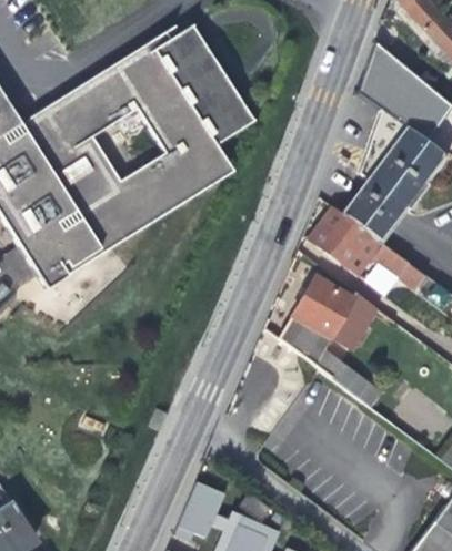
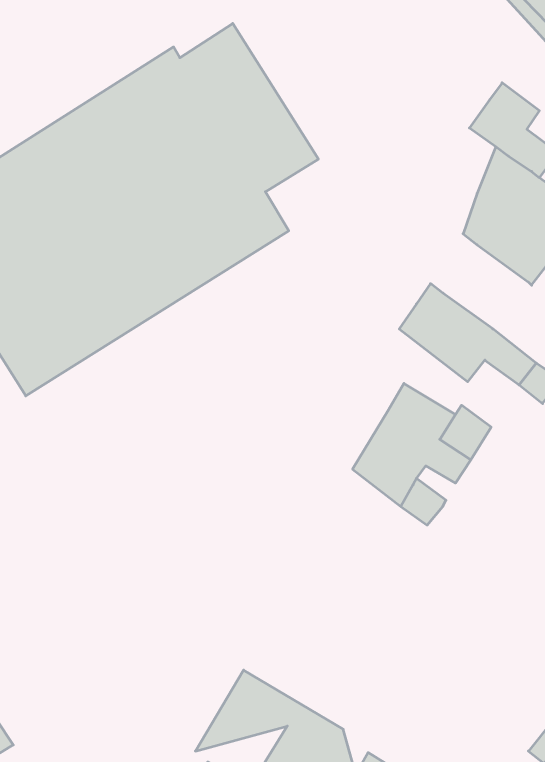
building: [343,181,404,241] -> none
building: [332,363,384,410] -> none

